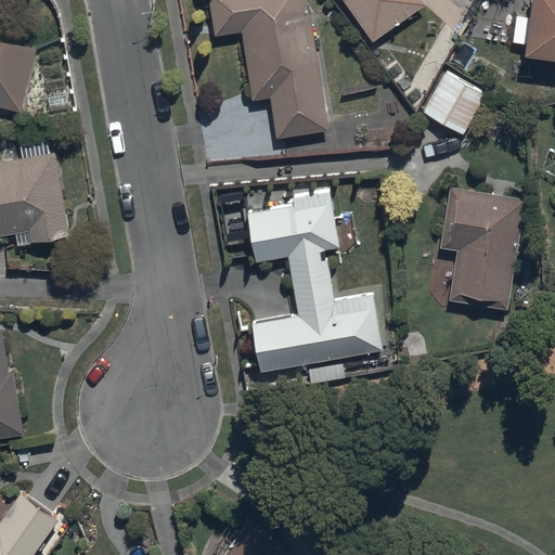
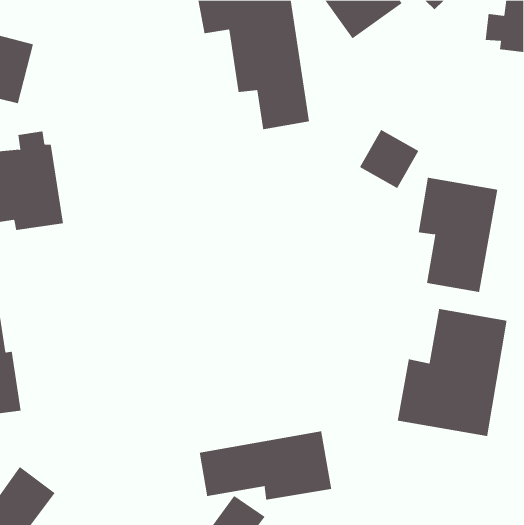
building: [423,72,486,134] -> [359,129,419,189]
building: [246,191,383,384] -> none
building: none -> [397,308,507,437]
building: none -> [199,430,332,501]

